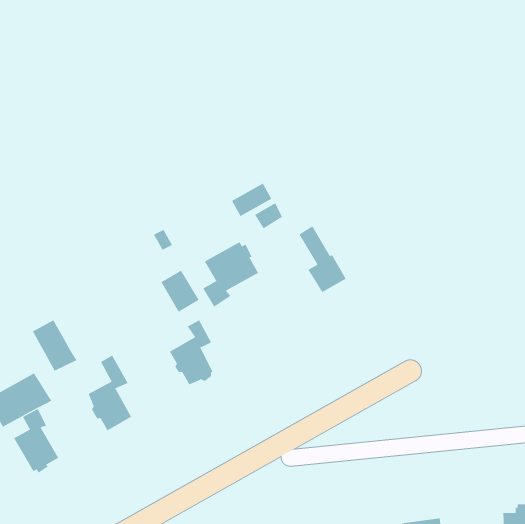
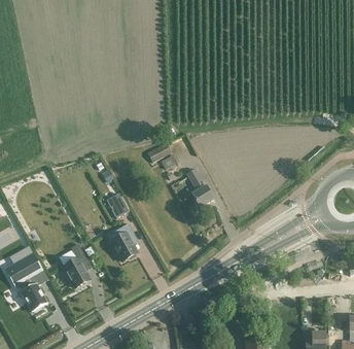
building: [203,242,259,307] -> none
building: [32,319,77,371] -> none

